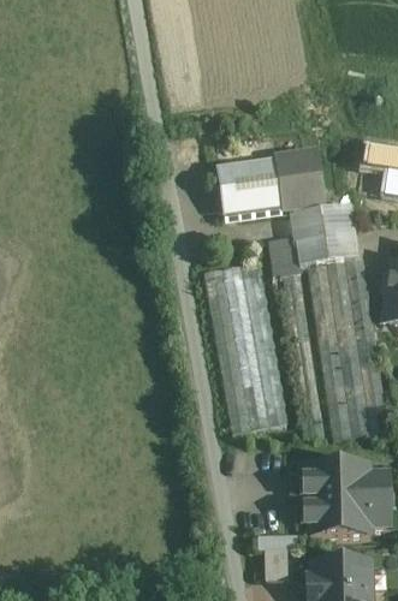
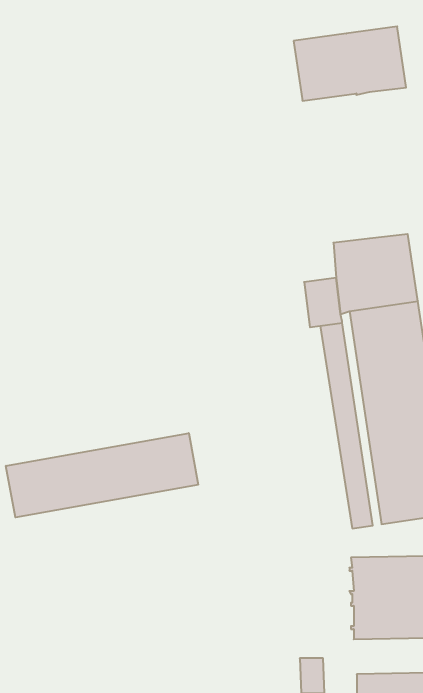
building: [230,153,322,214] -> [294,26,406,101]
building: [202,261,287,432] -> none
building: none -> [6,433,198,517]

